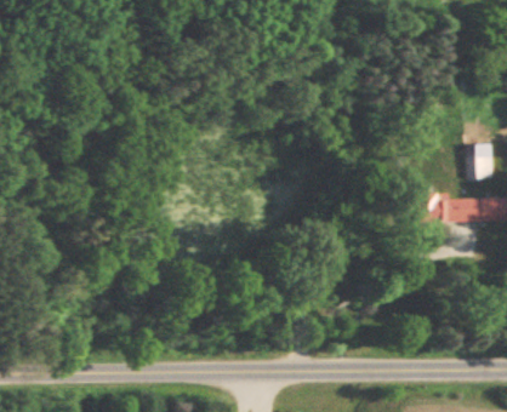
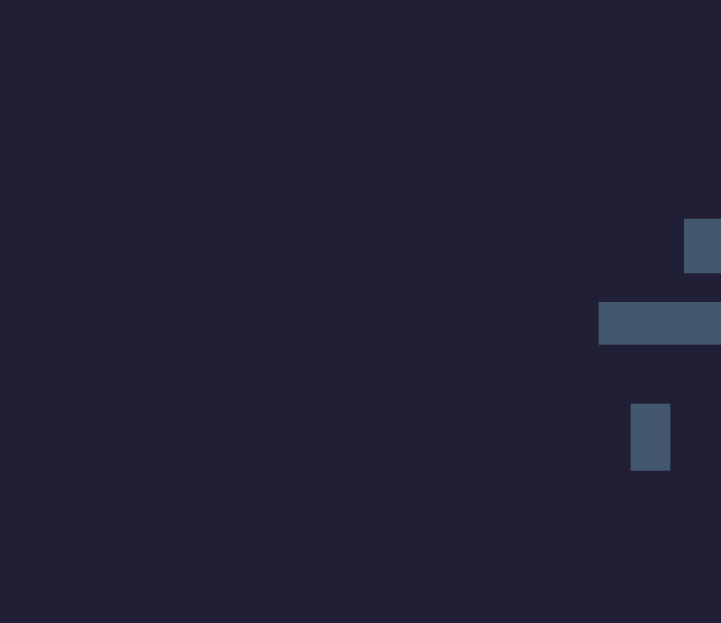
building: none -> [630,403,671,472]

